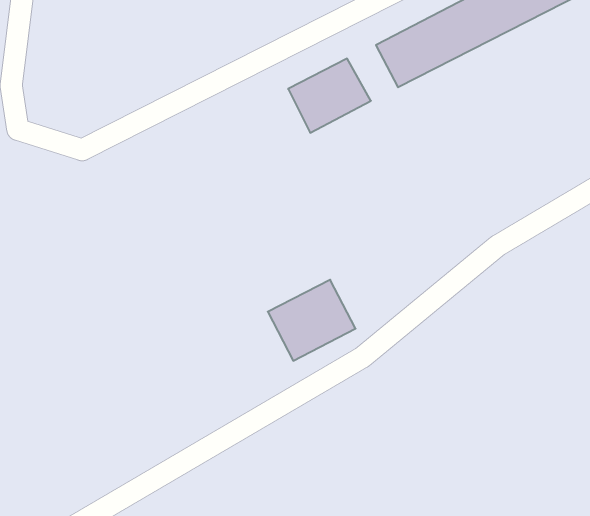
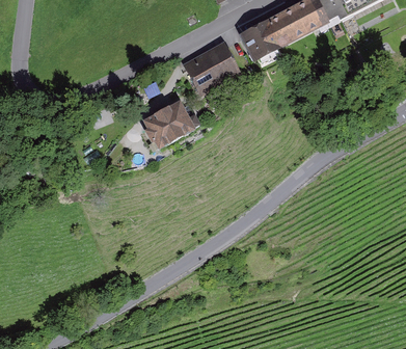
building: [268,280,356,361] -> [140,100,194,150]

